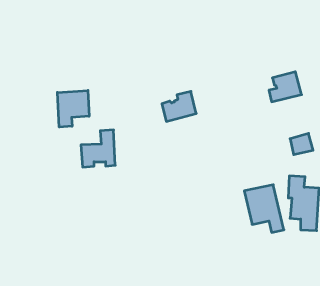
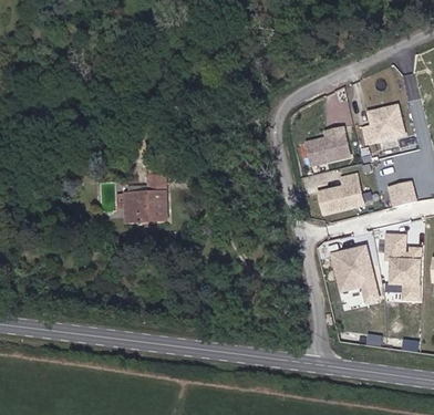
building: [57,90,89,127] -> none
building: [162,91,196,121] -> [304,126,348,164]
building: none -> [317,173,361,211]

